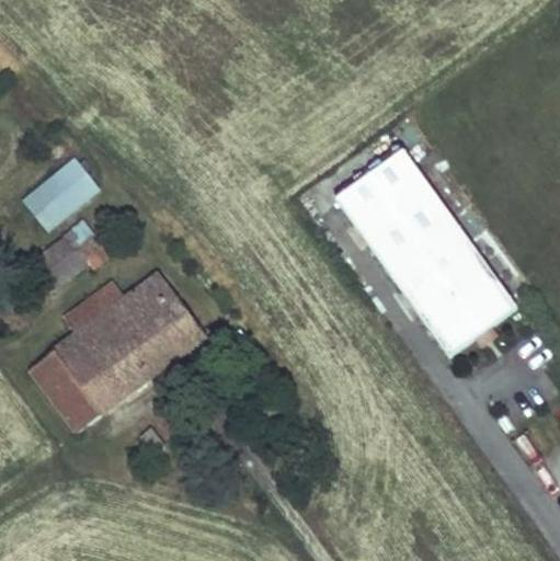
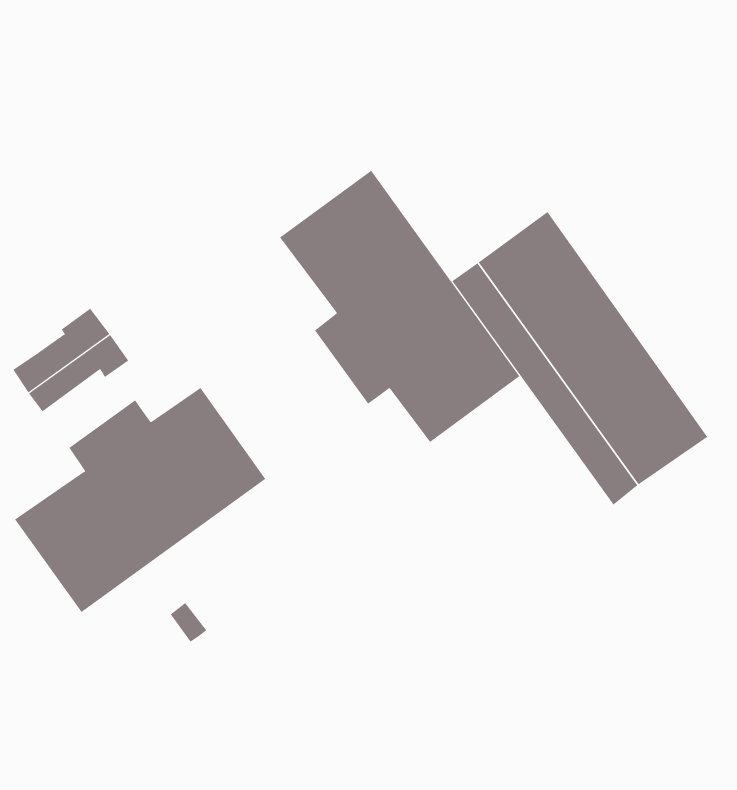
building: none -> [279,170,520,443]
building: [22,159,96,229] -> none

